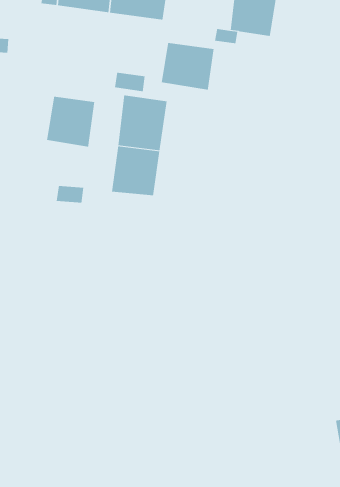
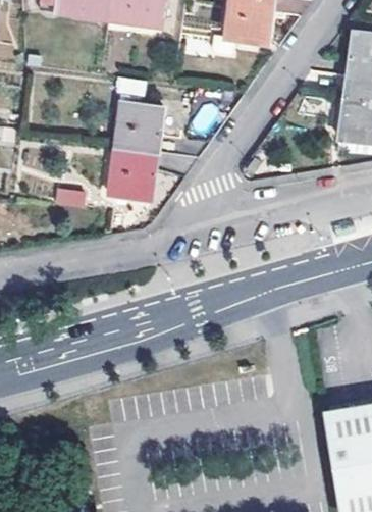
building: [161,42,214,90] -> none
building: [47,96,95,148] -> none

